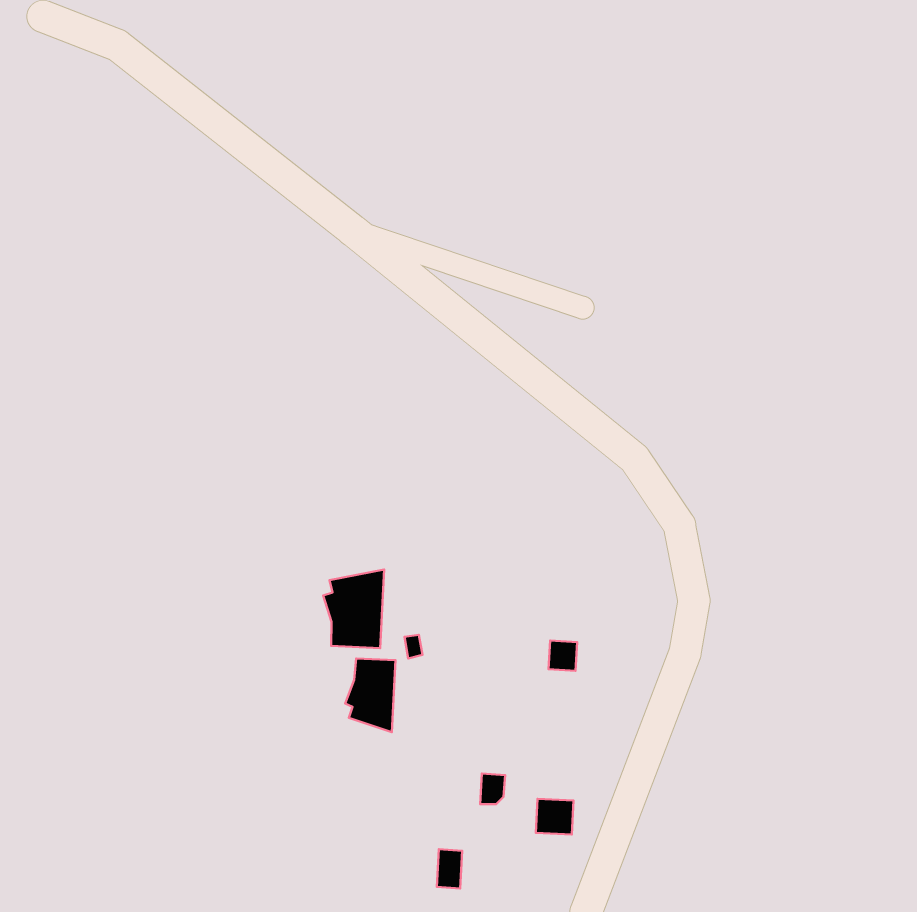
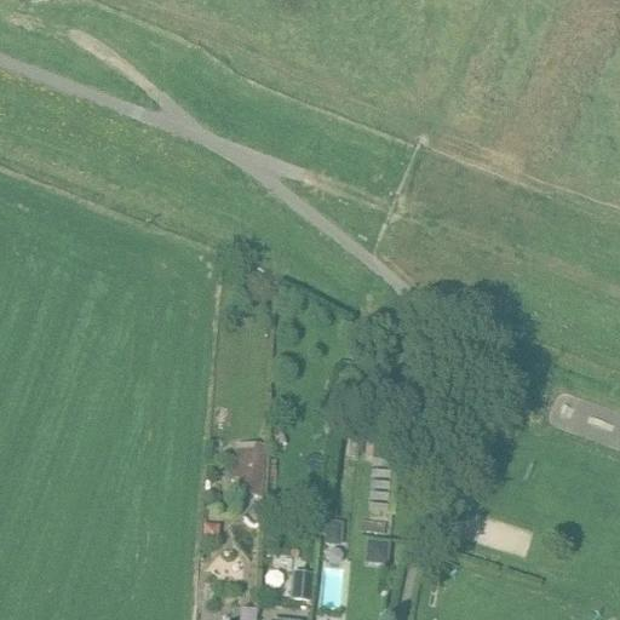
building: [323,570,384,648] -> none

